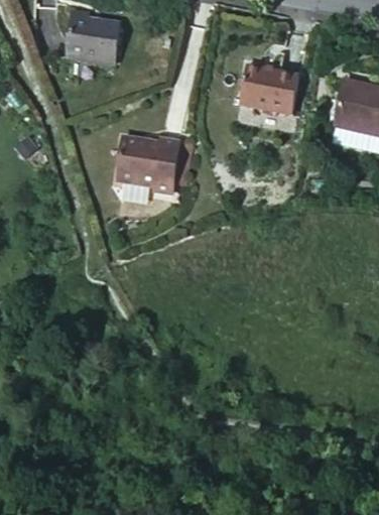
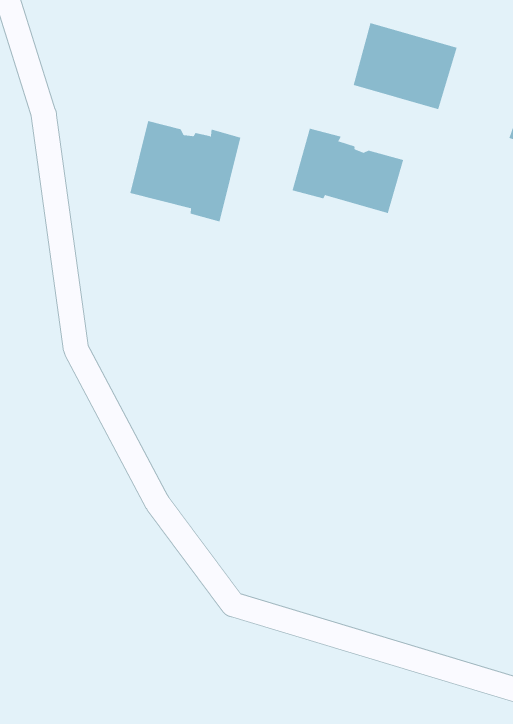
building: none -> [292,128,404,214]

